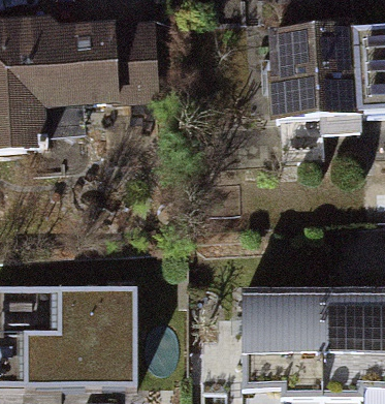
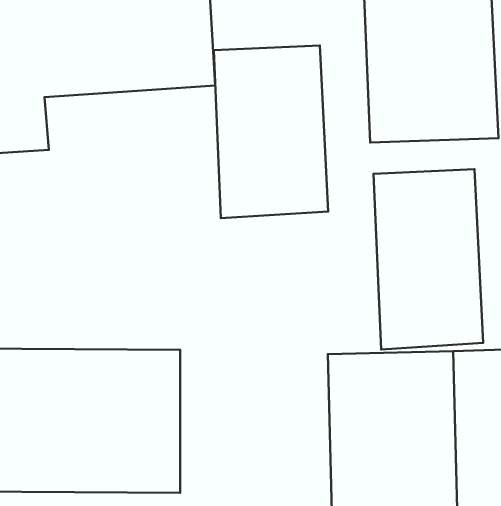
building: none -> [214,45,328,218]
building: none -> [373,169,483,349]

